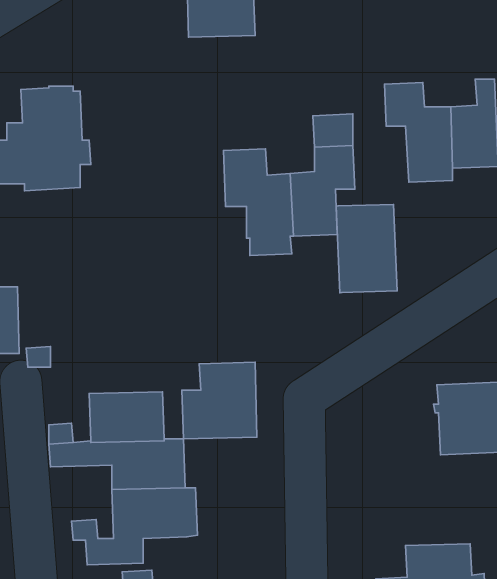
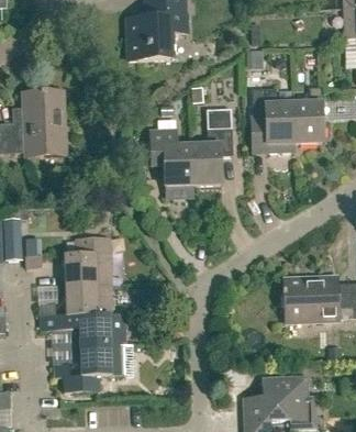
building: [336,204,397,293] -> none
building: [182,362,257,439] -> [65,235,112,284]

